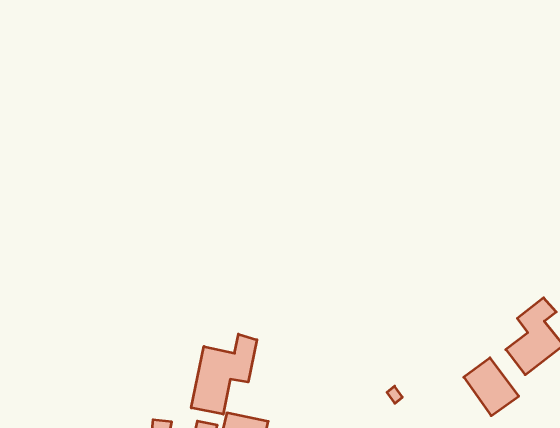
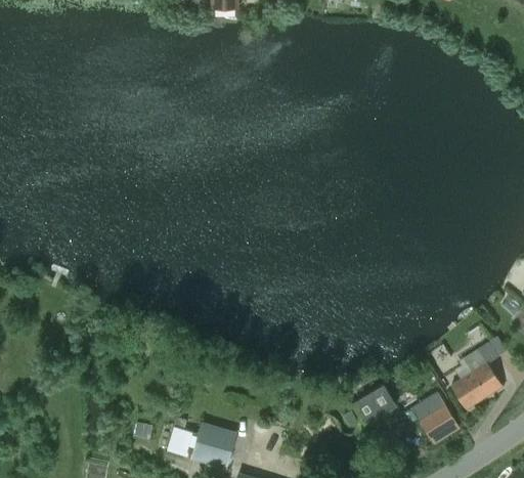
building: [191,334,257,414] -> none
building: none -> [352,385,396,424]

